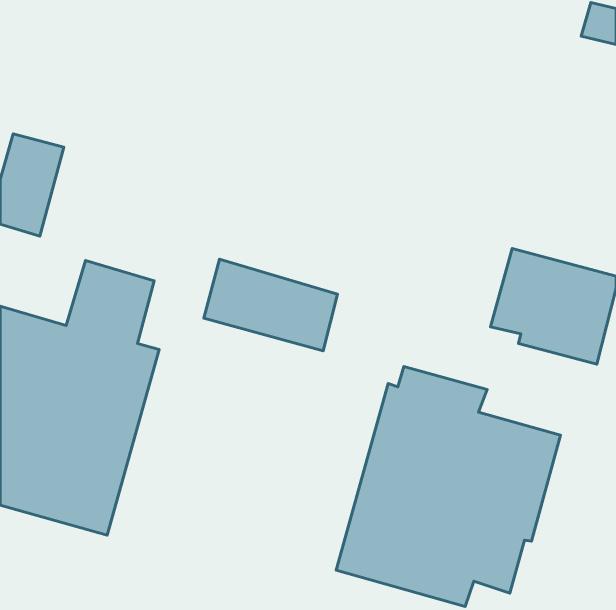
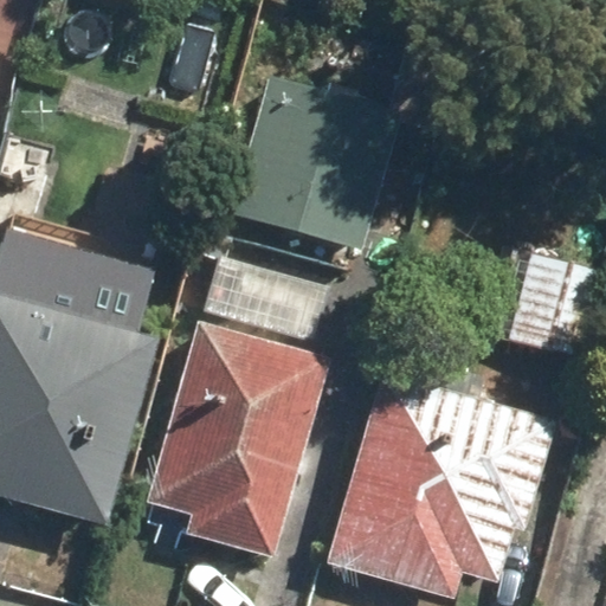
building: none -> [226,36,464,252]
building: none -> [153,327,325,553]

